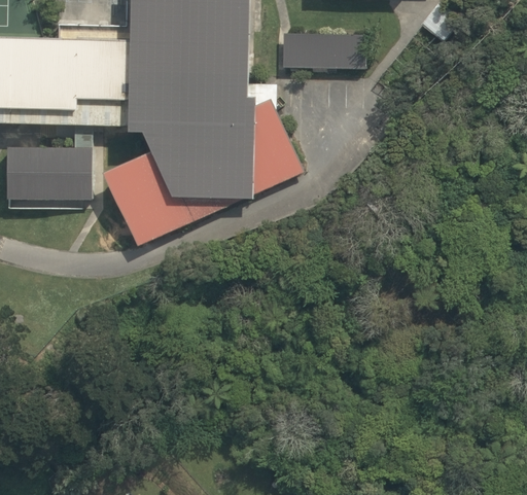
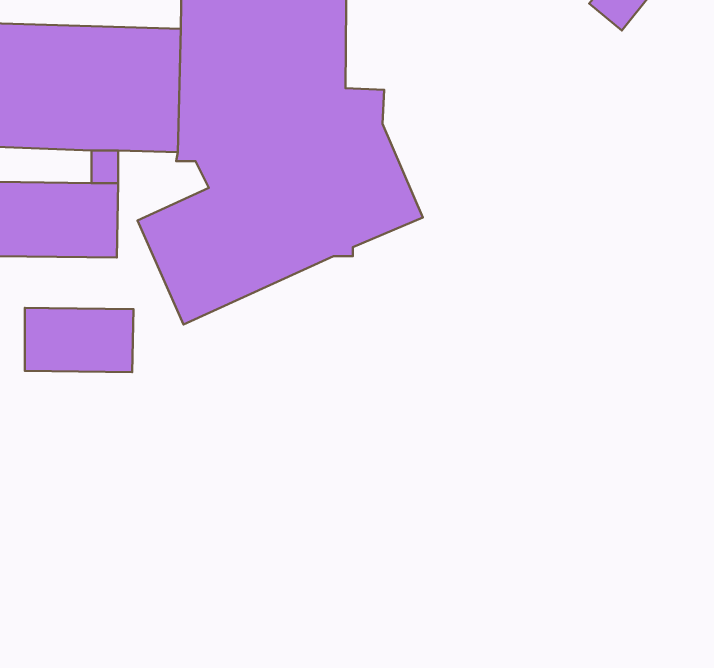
building: [280,31,364,68] -> none
building: none -> [25,308,134,372]

